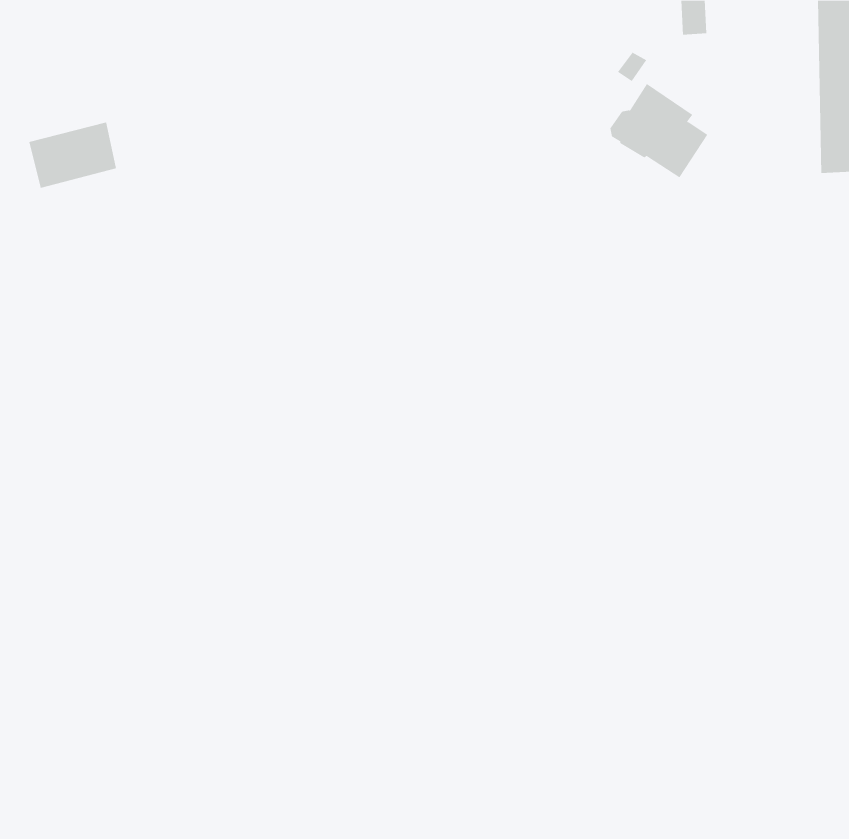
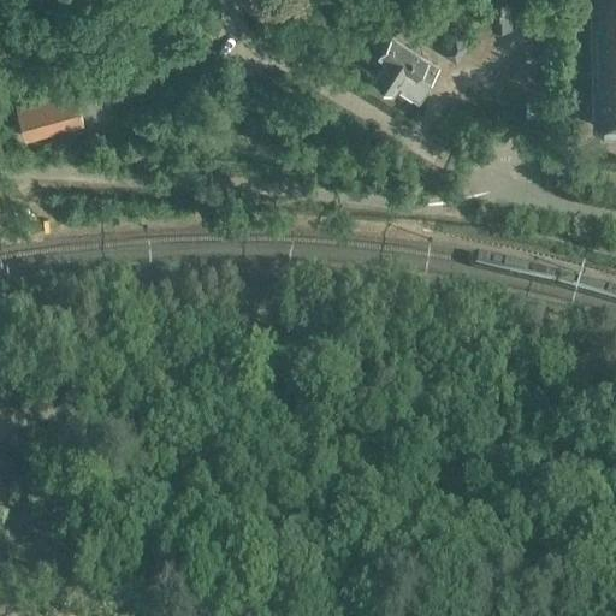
building: [610,83,708,178] -> [369,35,440,103]

